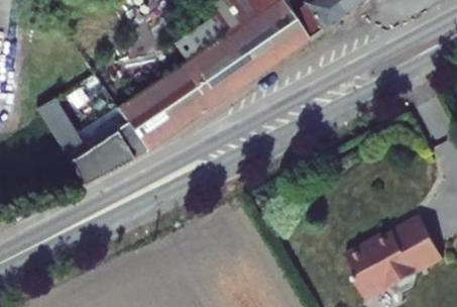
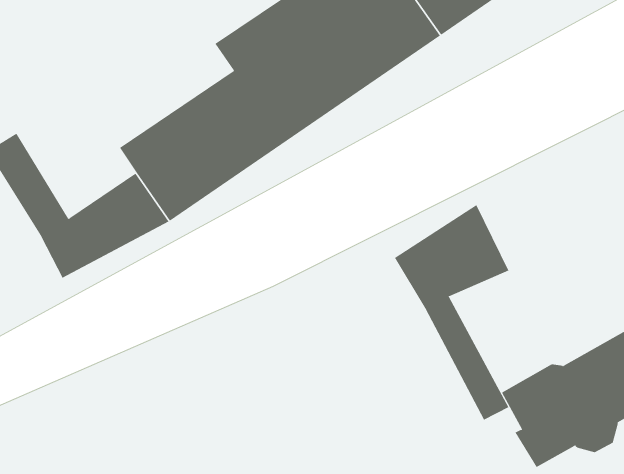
building: none -> [394,204,509,421]

